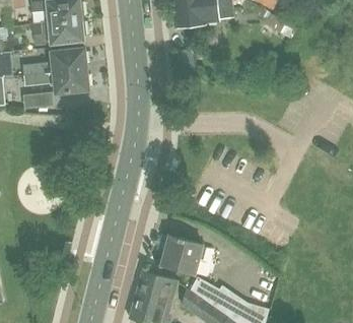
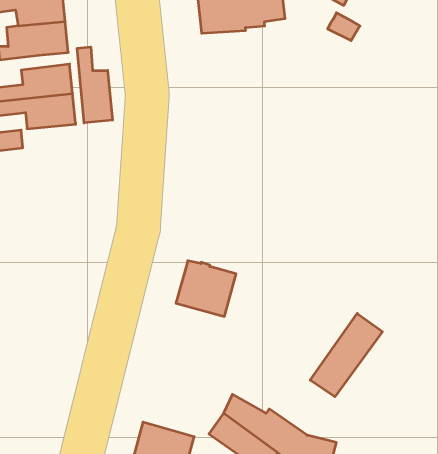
building: none -> [77,47,113,123]
building: none -> [310,313,382,397]
building: [161,236,203,274] -> [176,261,236,316]
building: [135,270,179,306] -> none

